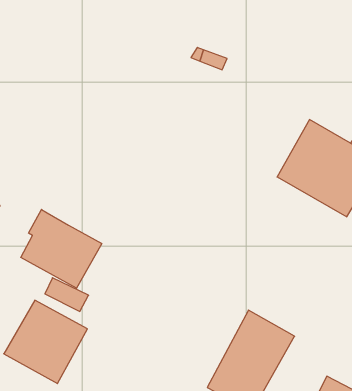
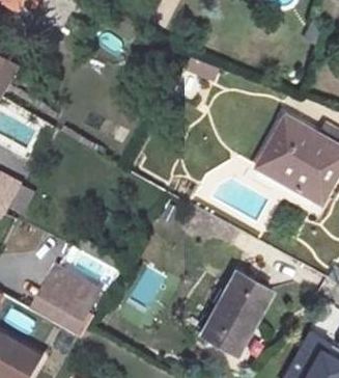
building: [21,209,102,288] -> none

